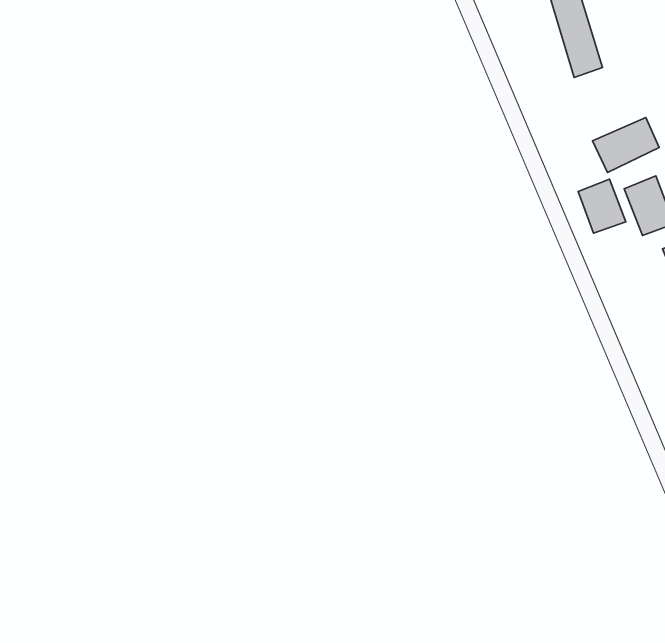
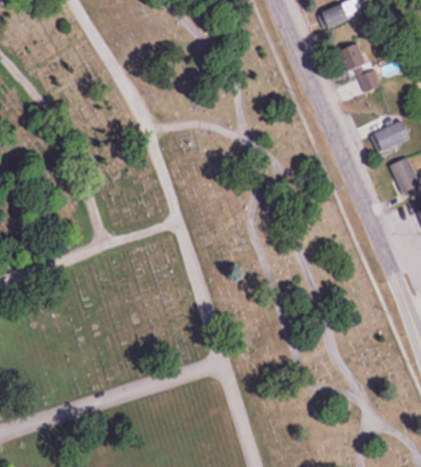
building: [578,179,626,233] -> none

